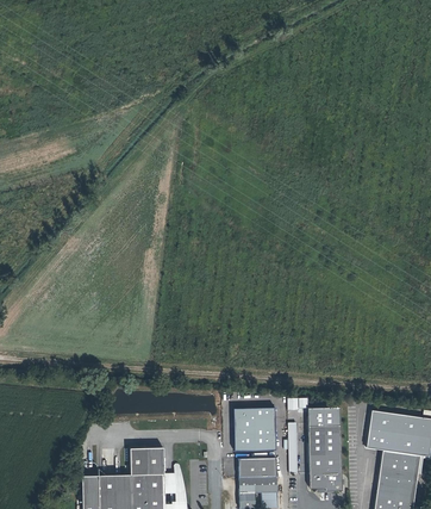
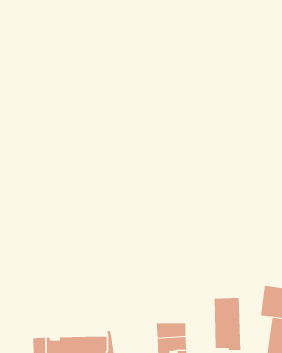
building: [308,406,341,427] -> none
building: [235,408,275,449] -> none
building: [130,448,163,476] -> none

